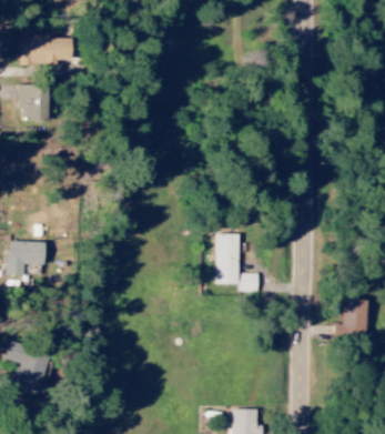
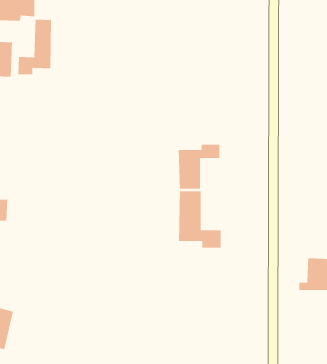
building: none -> [18,19,52,75]
building: none -> [178,144,220,189]

